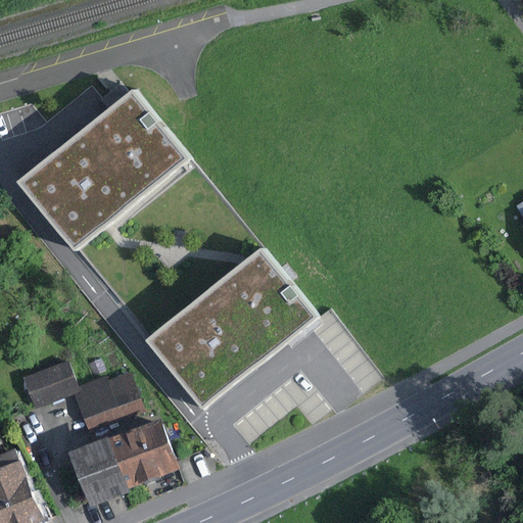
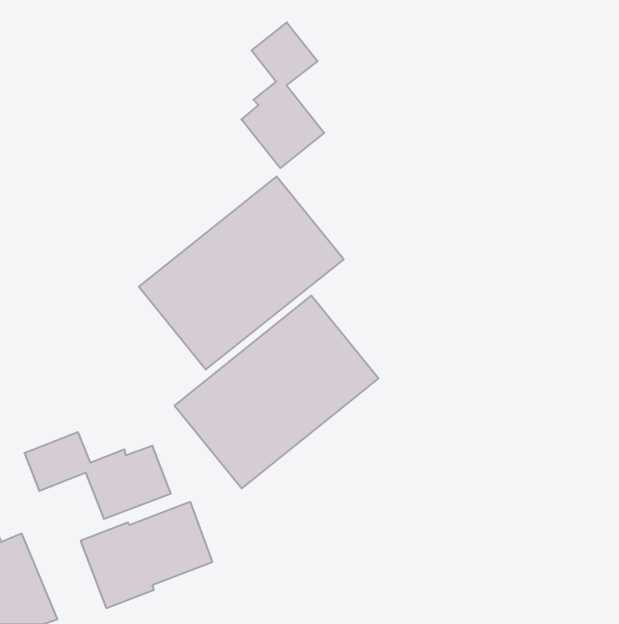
building: none -> [241,22,324,168]
building: [16,88,188,249] -> [139,177,344,370]

